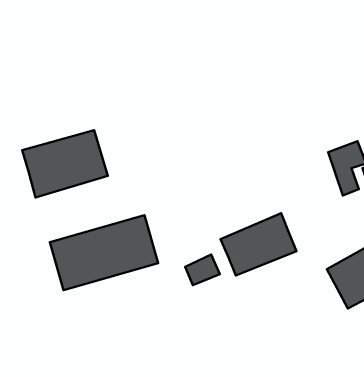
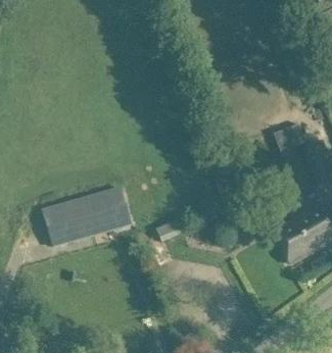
building: [22,130,108,197] -> none
building: [221,213,297,275] -> none

